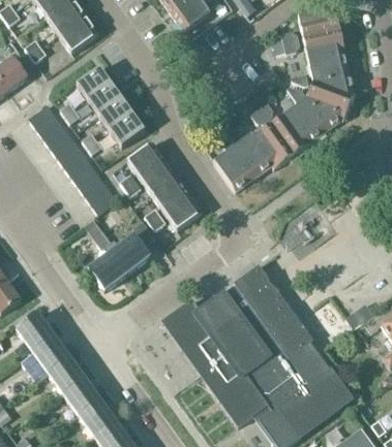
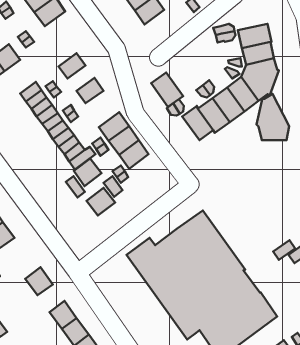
building: [297,7,339,38] -> none
building: [58,14,97,52] -> none
building: [87,83,121,115] -> none
building: [110,115,144,147] -> none
building: none -> [256,94,289,140]
building: [213,147,253,190] -> [151,72,183,107]
building: [164,194,202,229] -> none
building: [90,253,125,288] -> [74,158,102,186]
building: [19,316,53,351] -> none
building: [49,358,83,393] -> none

